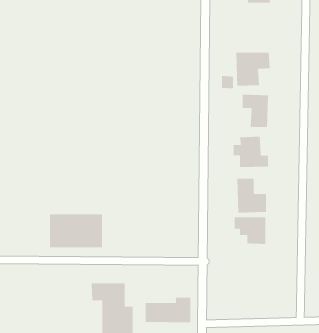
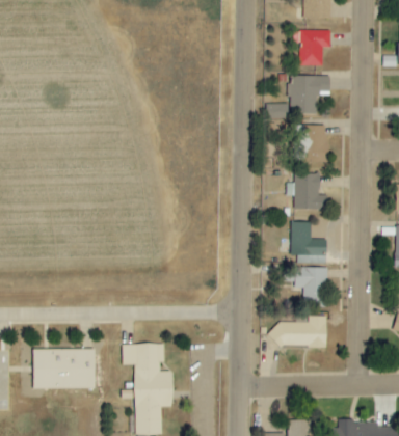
building: none -> [299,30,330,66]
building: [49,214,103,248] -> [32,349,95,388]
building: [145,297,191,323] -> [272,316,326,346]

